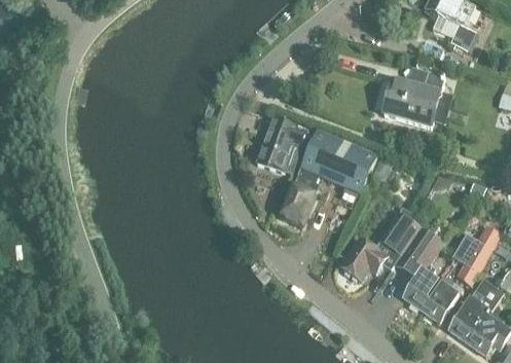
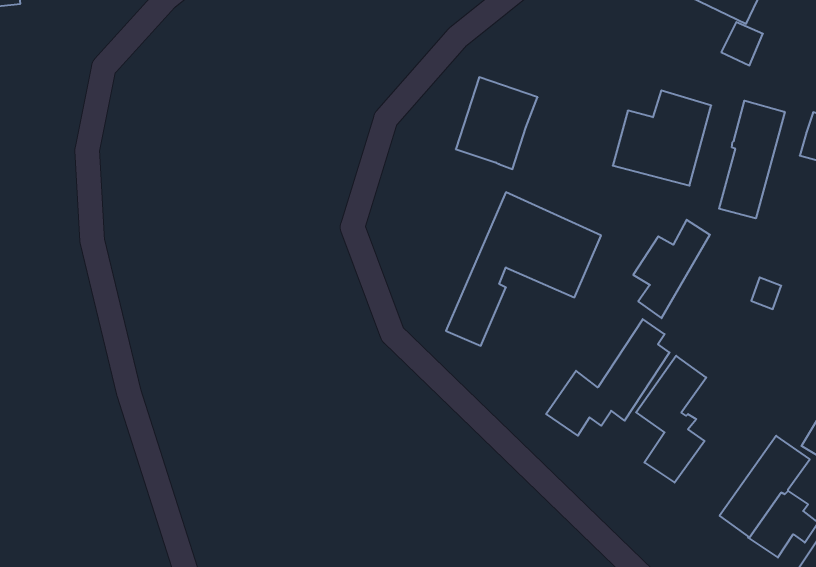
building: none -> [719,101,785,218]
building: [257,117,307,174] -> [456,77,538,169]
building: [452,224,500,285] -> [633,220,710,318]
building: [421,278,461,321] -> none

